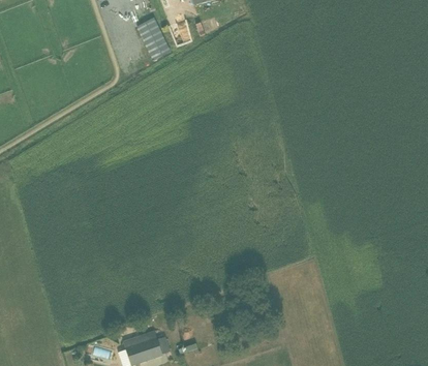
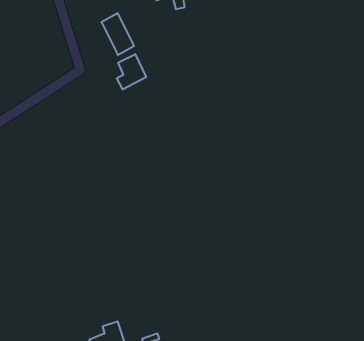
building: none -> [117,54,146,89]

